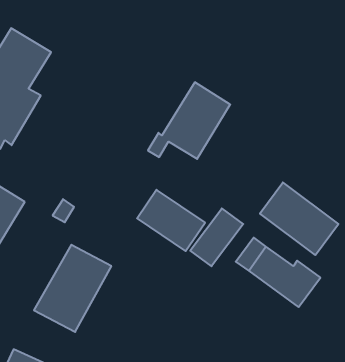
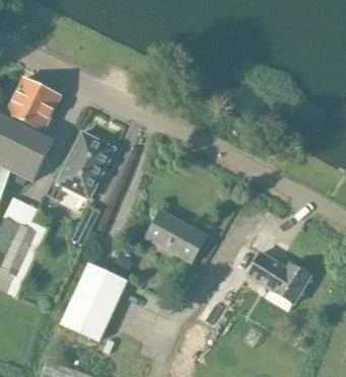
building: [148,82,230,159] -> [46,133,115,201]
building: [260,182,338,255] -> none
building: [190,208,243,266] -> none

